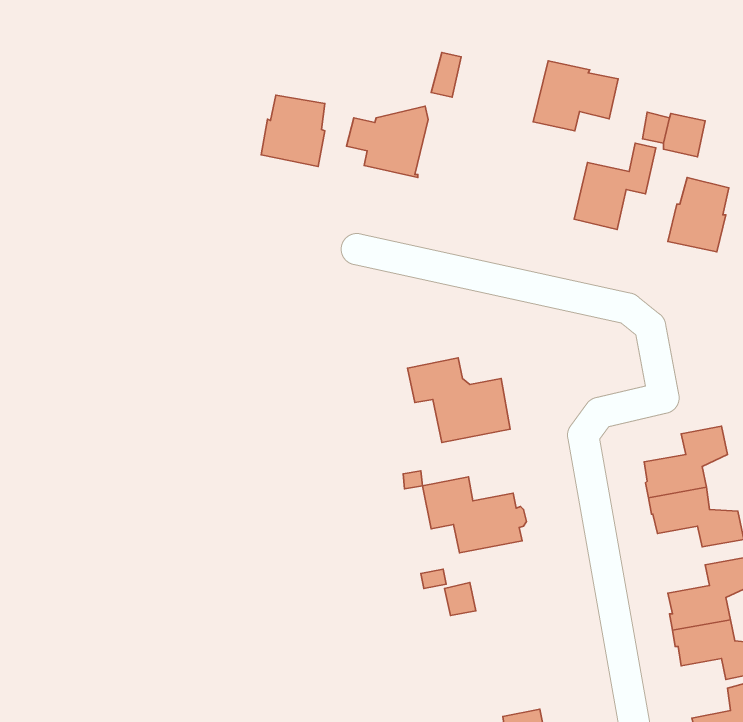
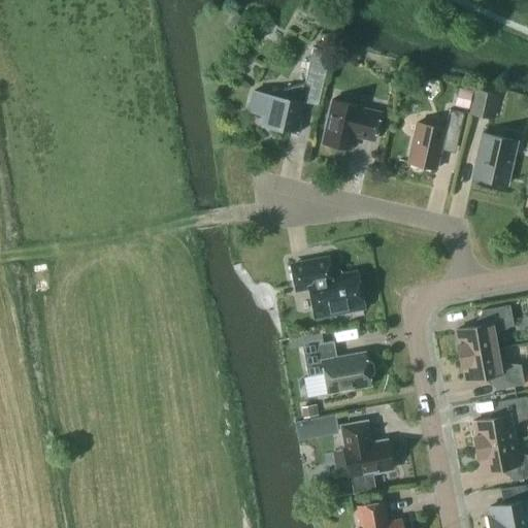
building: [533,61,618,131] -> [322,101,381,150]
building: [261,95,325,166] -> none
building: none -> [341,422,392,493]

